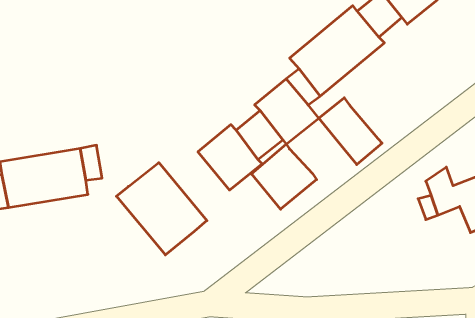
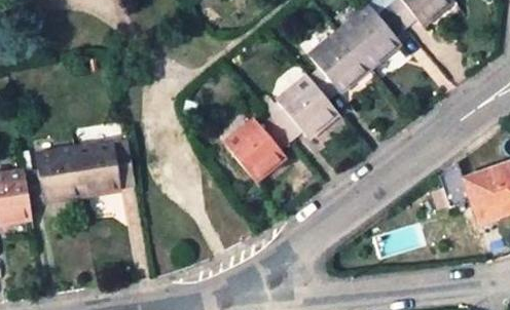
building: [319,98,382,165] -> none
building: [251,144,317,209] -> none
building: [116,163,207,255] -> none

